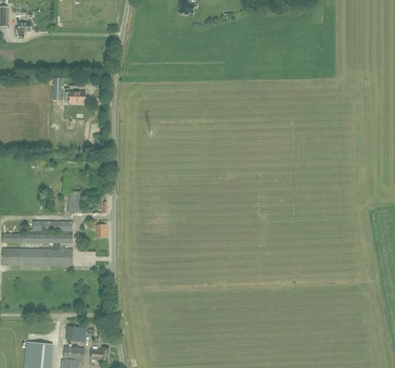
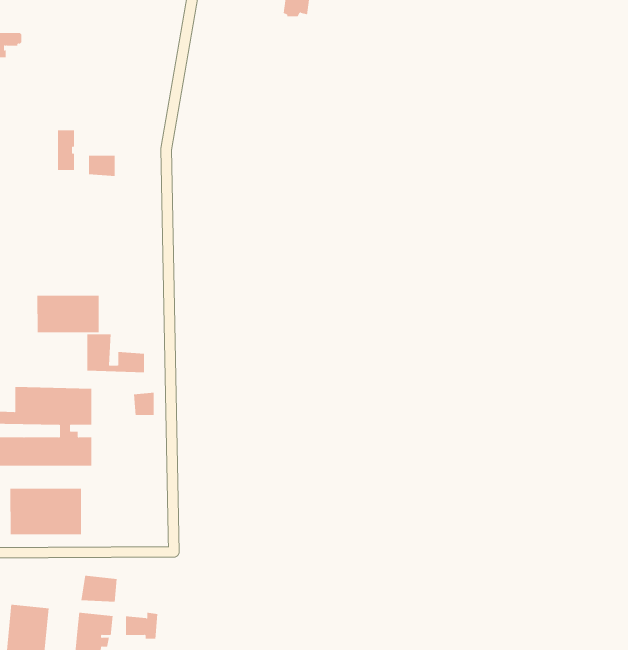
building: none -> [37,295,99,333]
building: none -> [10,488,82,535]

